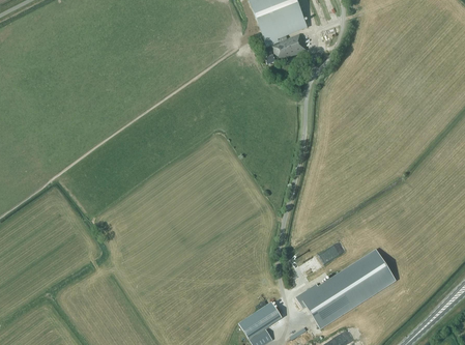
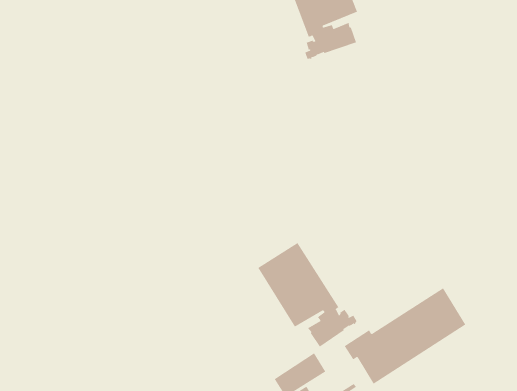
building: none -> [258,242,357,347]

